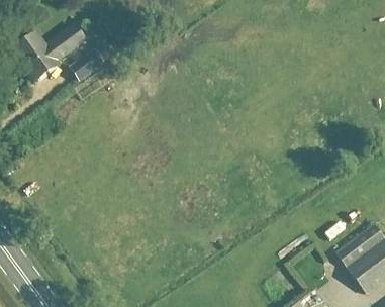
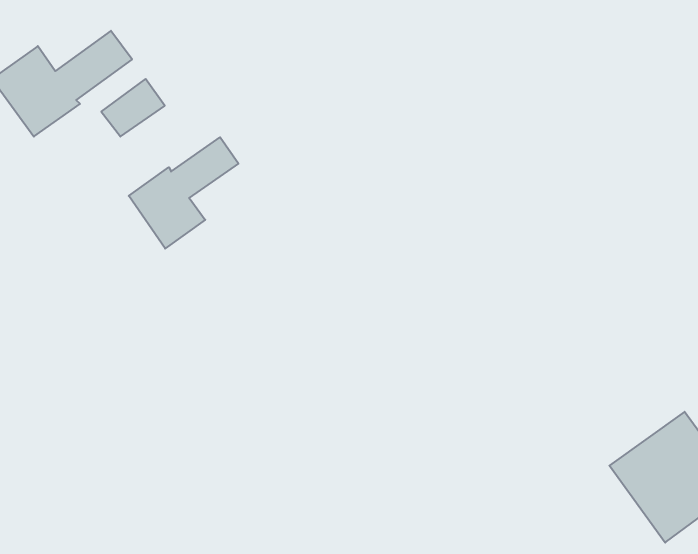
building: none -> [129,137,238,249]

